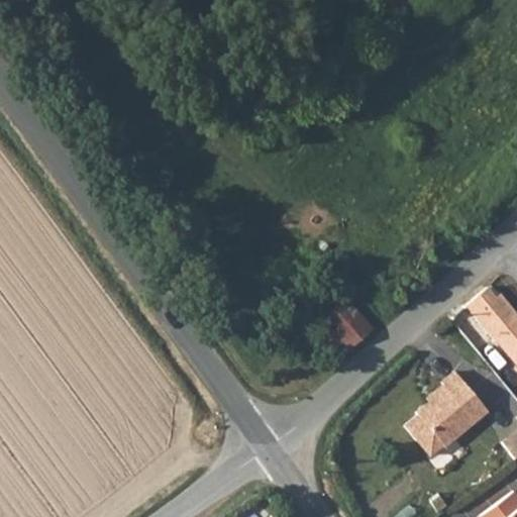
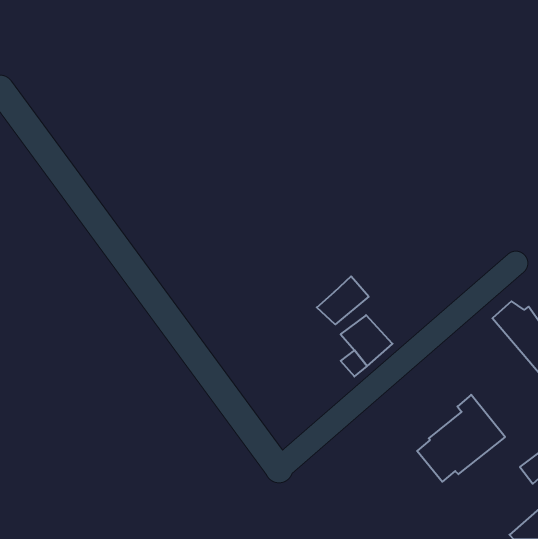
building: none -> [317,276,369,324]

